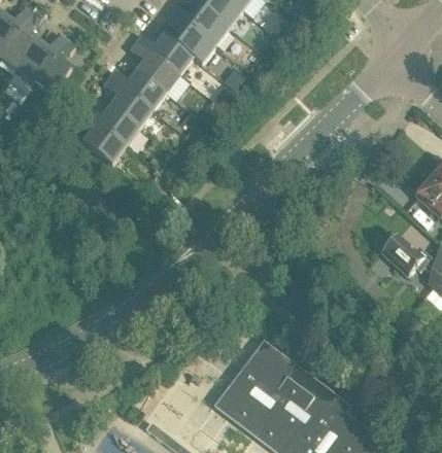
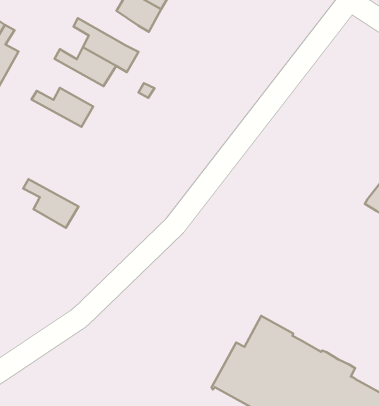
building: [136,35,192,75] -> none
building: [103,78,151,128] -> none
building: [76,113,126,164] -> [23,179,78,228]

